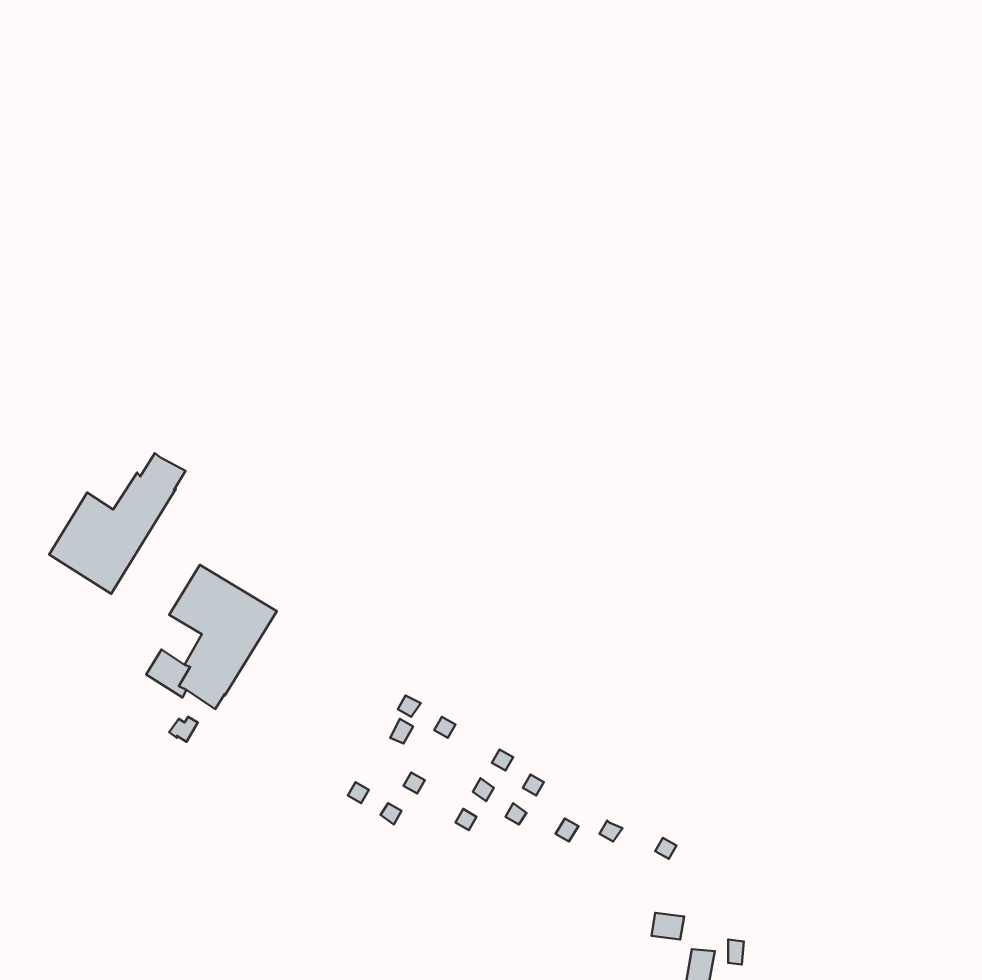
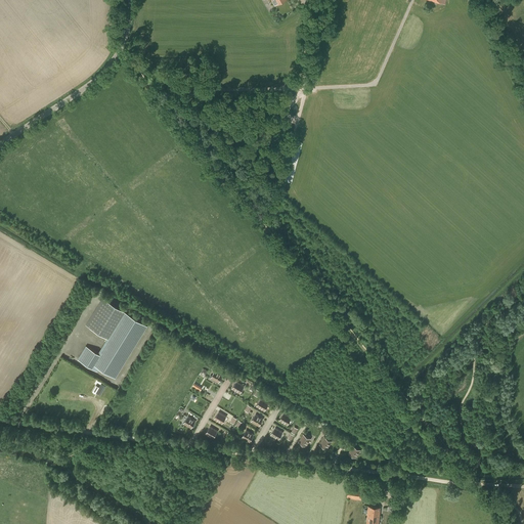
building: [49,453,186,594] -> none

